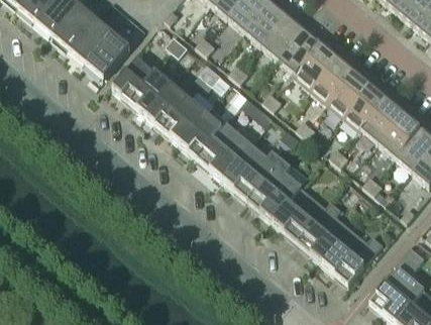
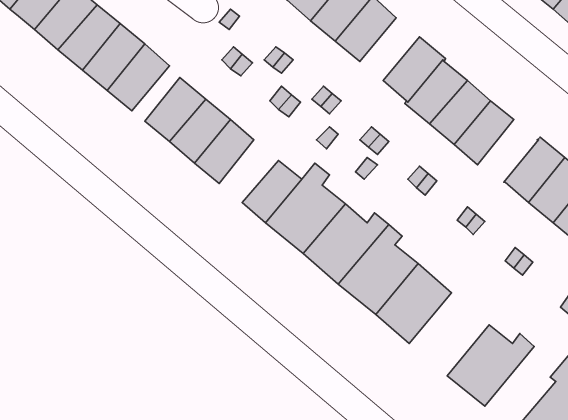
building: [261,15,303,59] -> none
building: [343,86,386,131] -> none
building: [164,100,205,143] -> none
building: [296,200,351,263] -> none

